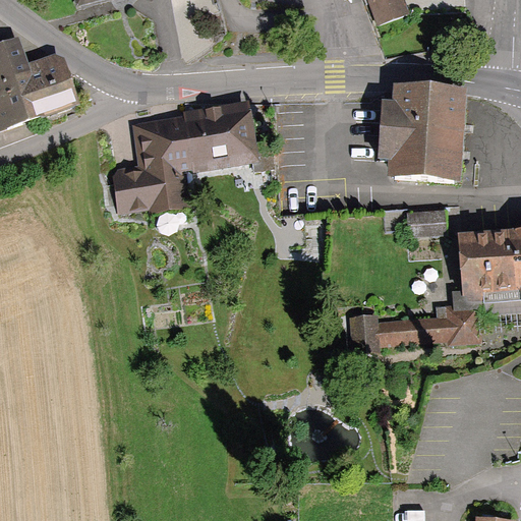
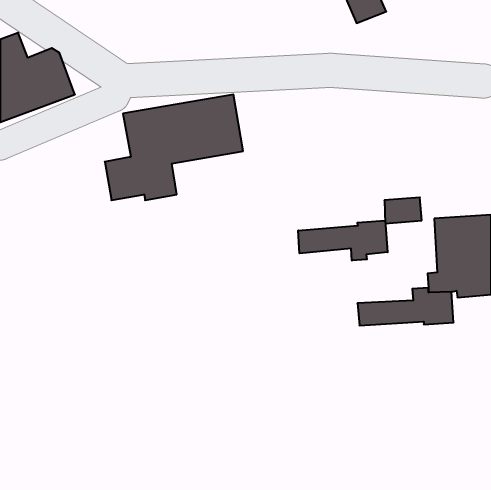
building: [380,86,465,180] -> none
building: none -> [298,220,388,261]
building: [349,313,381,351] -> none

